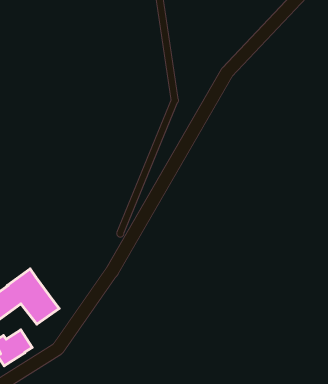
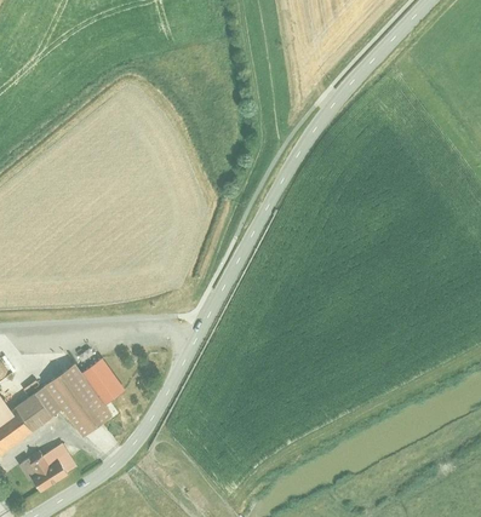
building: none -> [80,361,122,407]

